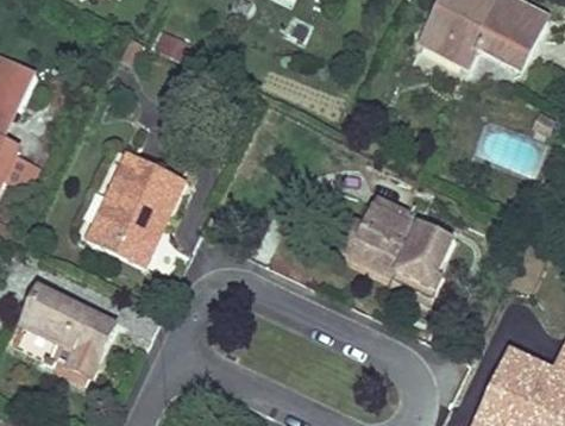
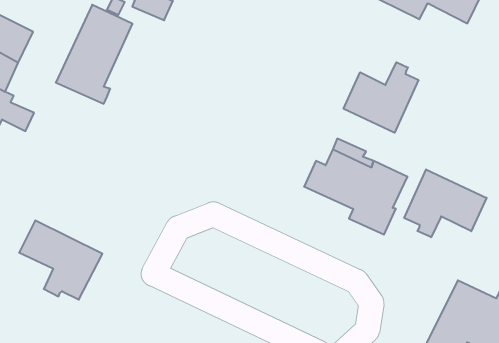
building: none -> [344,62,418,133]
building: [90,154,176,264] -> [56,5,133,104]
building: none -> [404,169,487,237]

